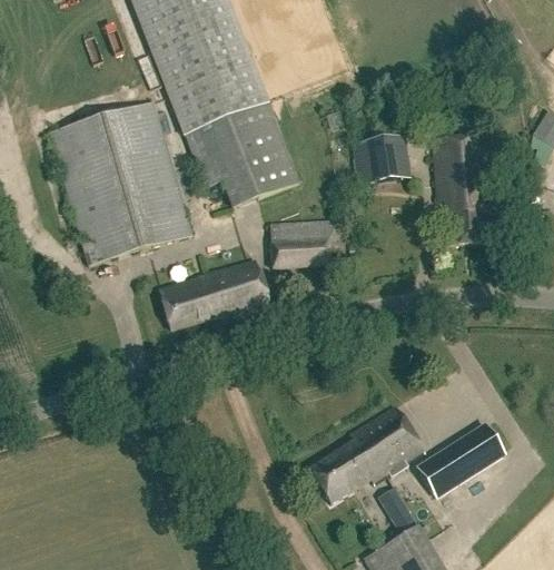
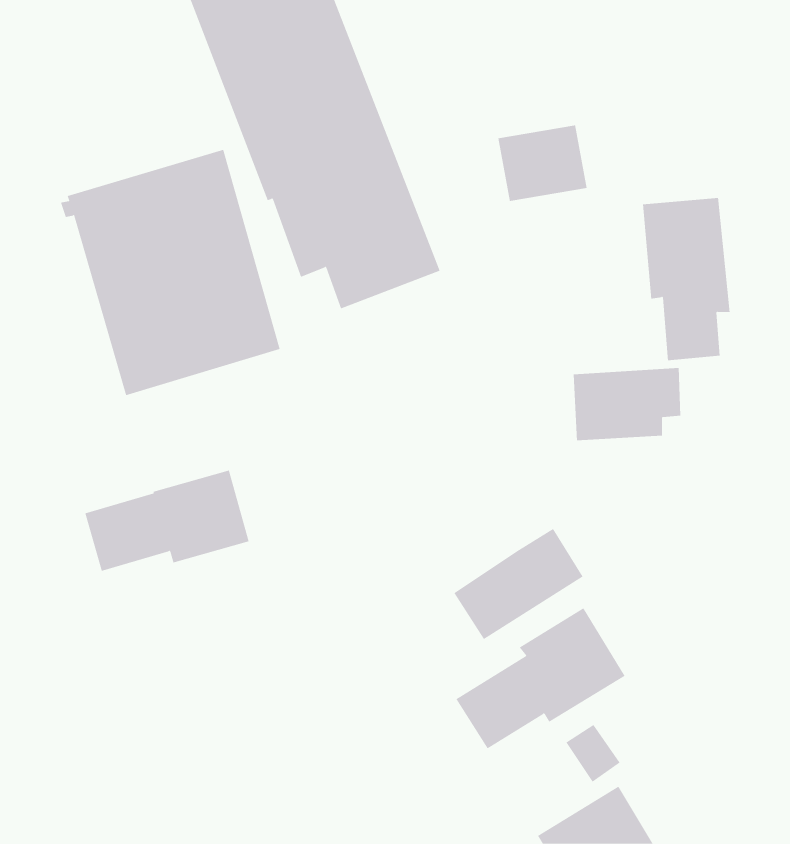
building: [352,135,412,186] -> [498,125,588,202]
building: [269,219,342,268] -> [573,368,681,441]
building: [160,259,270,327] -> [84,470,249,571]
building: [417,424,504,499] -> [453,528,583,640]

